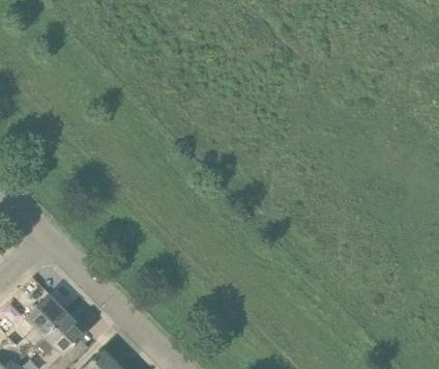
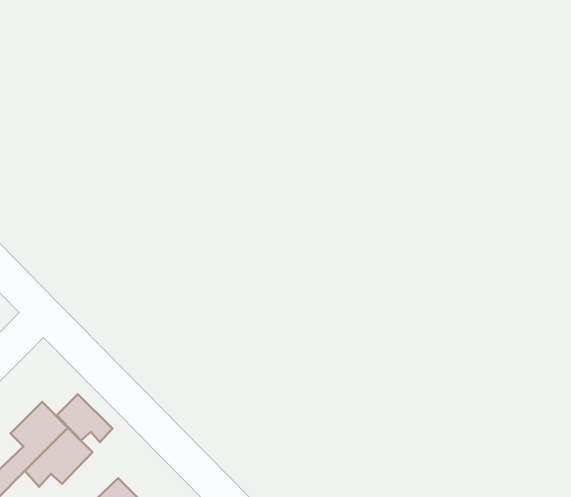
building: none -> [57,394,112,442]

